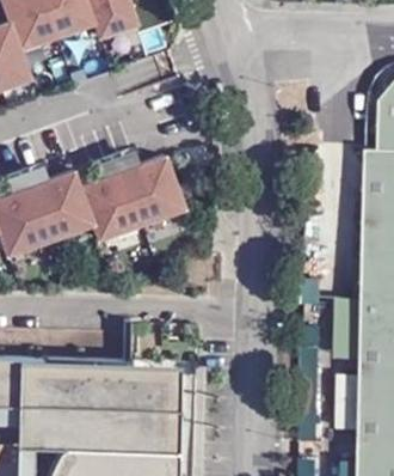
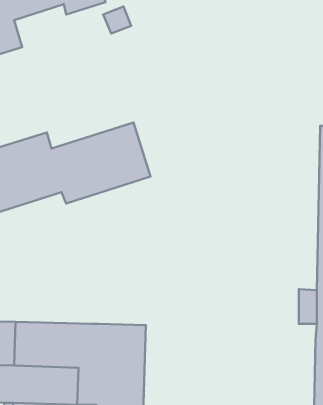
building: [337,383,362,438] -> none

